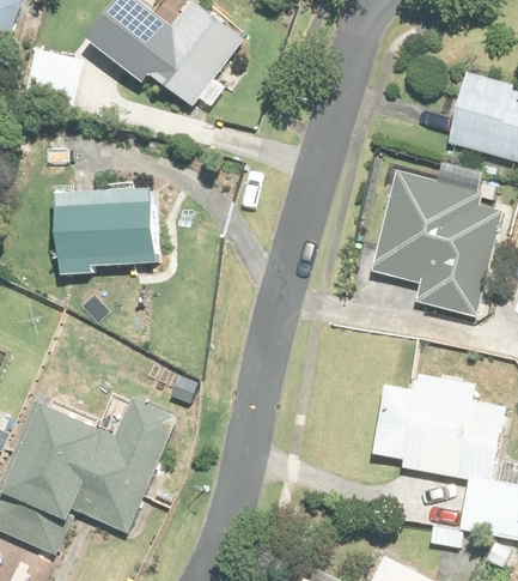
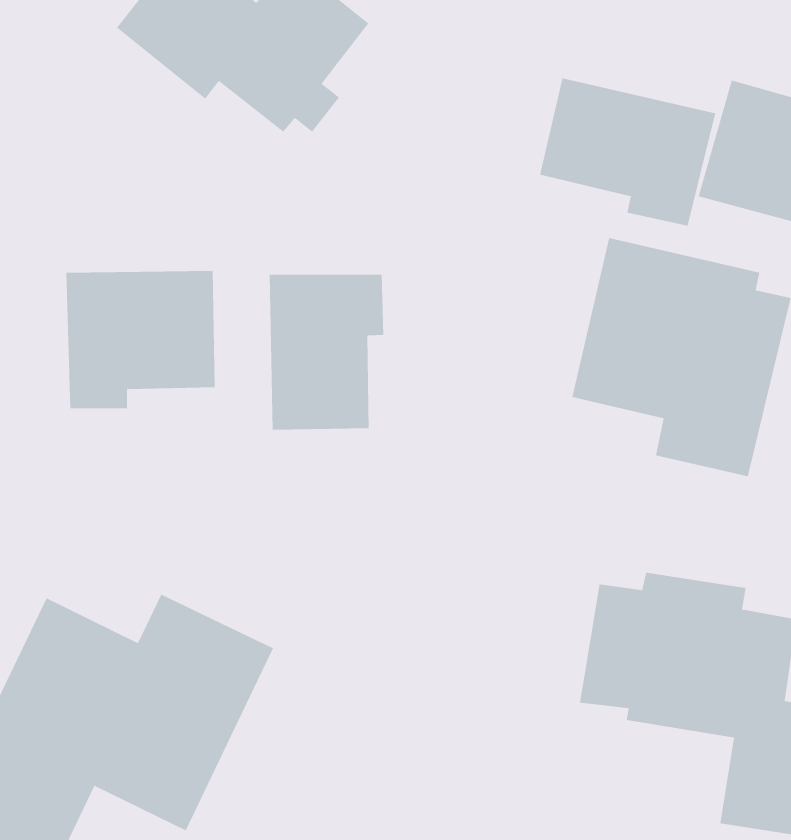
building: none -> [539,78,716,226]
building: none -> [269,274,384,431]

